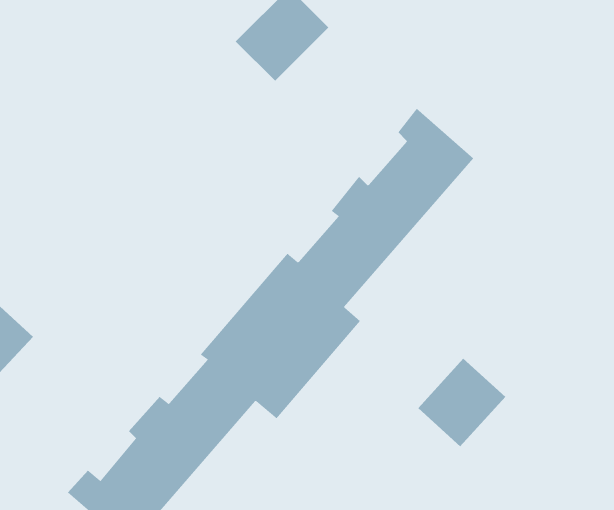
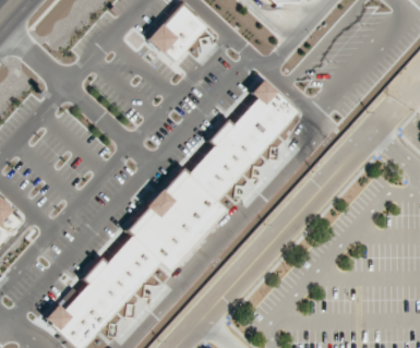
building: [418,358,506,447] -> none

